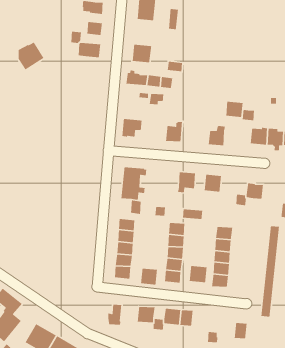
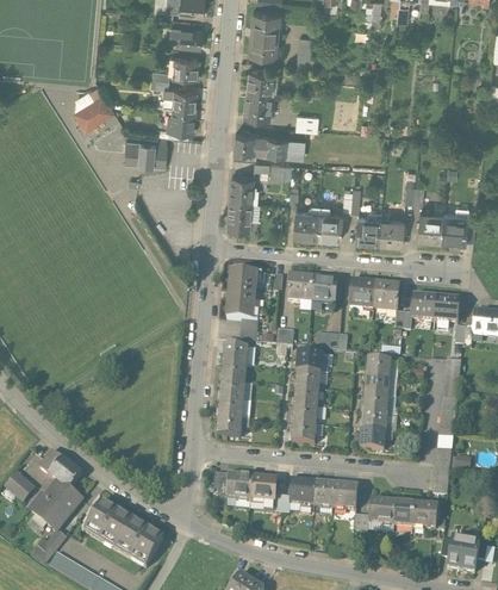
building: none -> [245,66,278,91]
building: none -> [168,107,195,130]
building: none -> [124,133,168,164]
building: [226,101,243,118] -> [379,217,405,242]
building: none -> [230,173,257,200]
building: none -> [316,203,342,236]
building: none -> [288,275,312,300]
building: none -> [373,282,399,310]
building: none -> [435,296,460,319]
building: [189,265,207,283] -> [331,482,359,508]
building: [140,268,158,285] -> [226,473,253,499]
building: none -> [369,497,396,523]
building: none -> [411,501,438,527]

